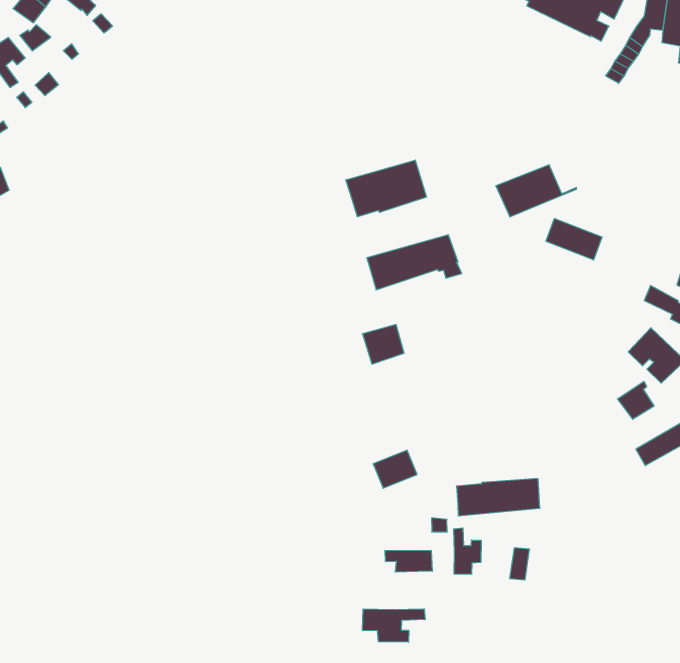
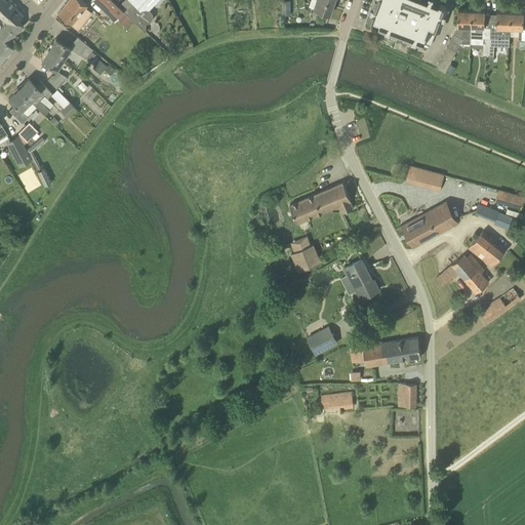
building: [346,160,427,217] -> none
building: [496,165,576,217] -> [403,208,456,245]
building: none -> [344,259,379,299]
building: none -> [452,253,481,280]
building: [454,528,481,574] -> none
building: [363,609,425,642] -> none

